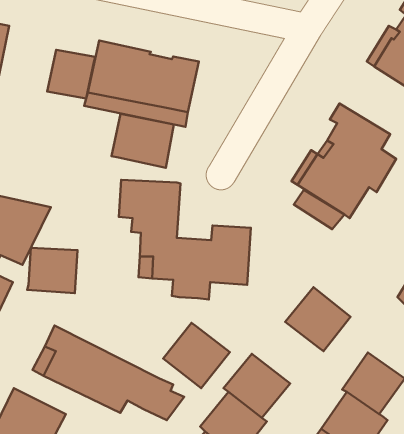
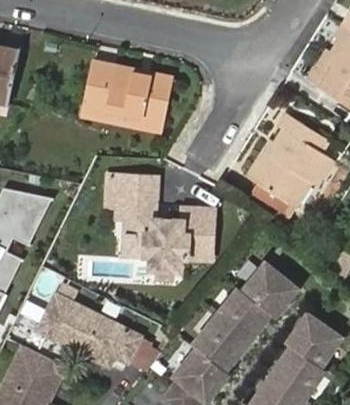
building: [47,50,95,99] -> none
building: [112,114,174,168] -> none
building: [27,248,78,293] -> none
building: [163,323,230,388] -> [216,288,270,341]

